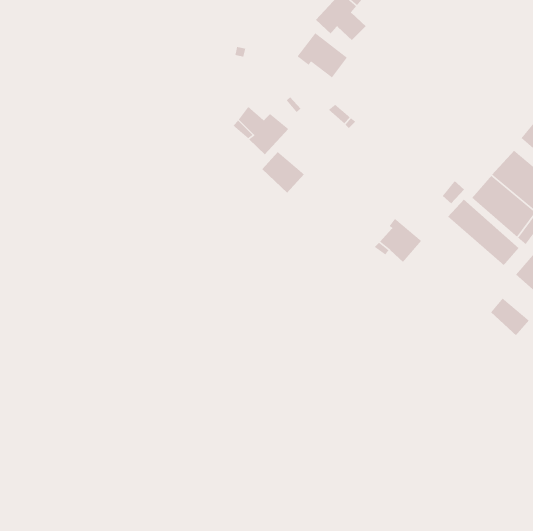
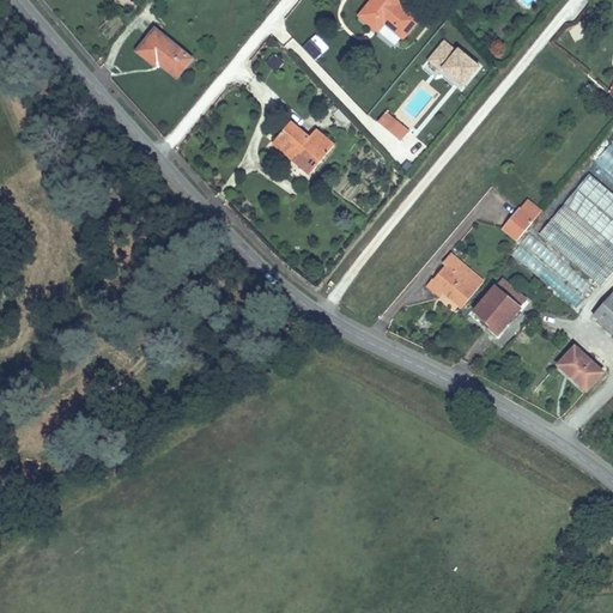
building: none -> [135,31,193,79]
building: [296,32,348,78] -> [424,35,482,87]
building: [261,151,305,194] -> none
building: none -> [477,274,529,330]

